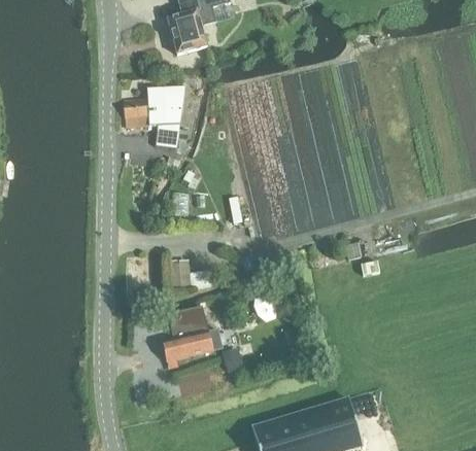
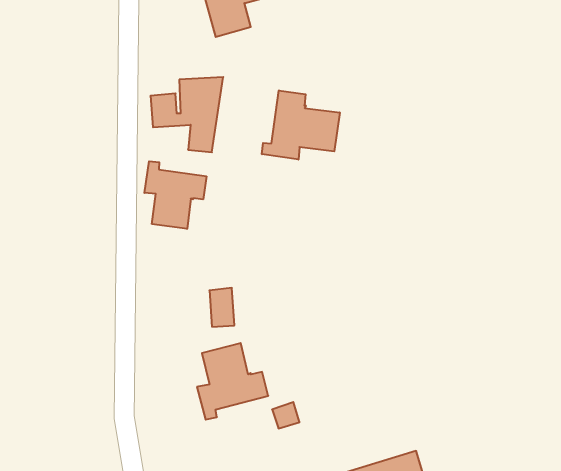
building: none -> [262,90,340,160]
building: none -> [144,161,206,229]

